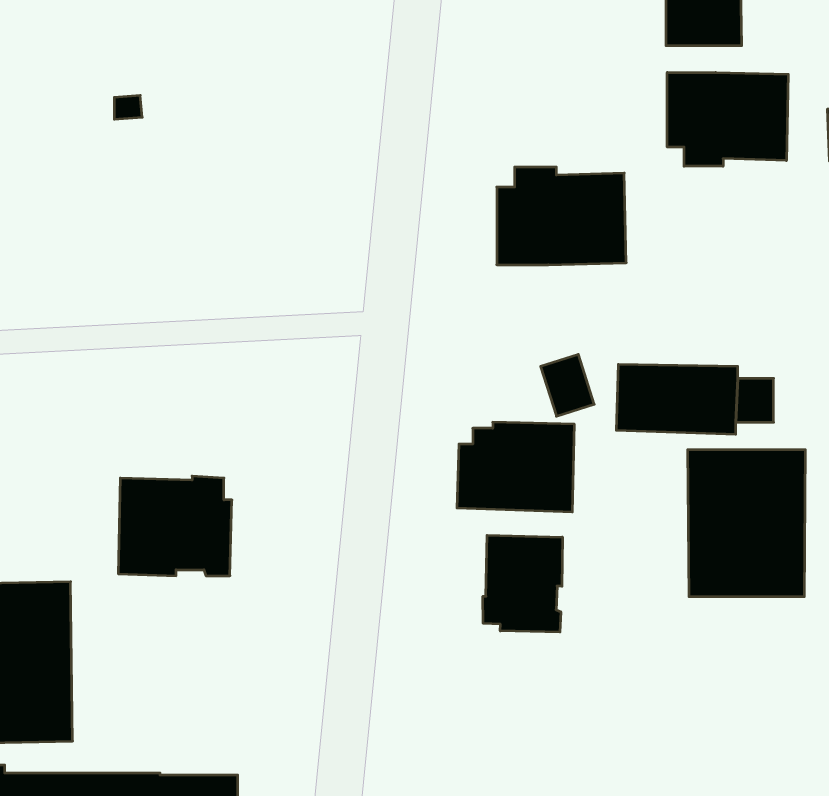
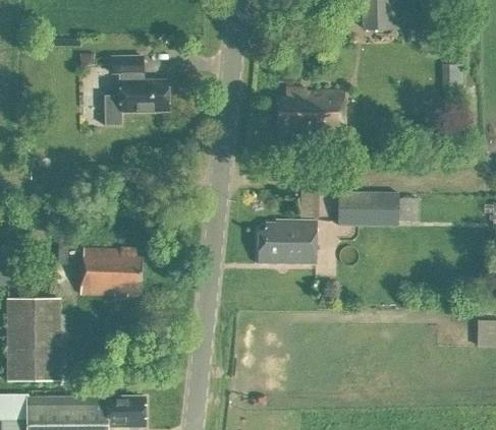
building: [667,72,788,166] -> none
building: none -> [103,55,168,125]
building: [688,450,805,597] -> none
building: [483,535,562,632] -> none

